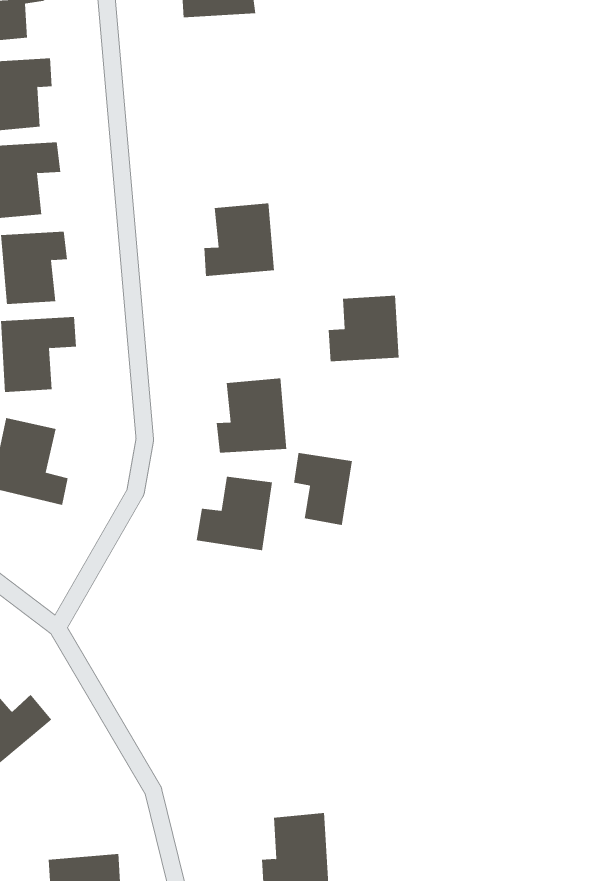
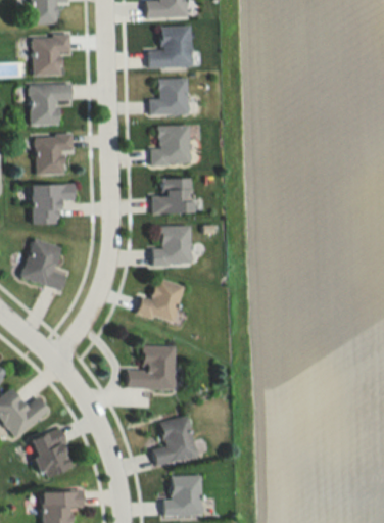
building: none -> [149,25,192,67]
building: none -> [149,78,189,114]
building: [328,295,399,362] -> [153,178,193,213]
building: [293,452,353,526] -> none
building: none -> [127,345,175,388]
building: none -> [152,415,197,465]
building: none -> [29,428,75,478]

